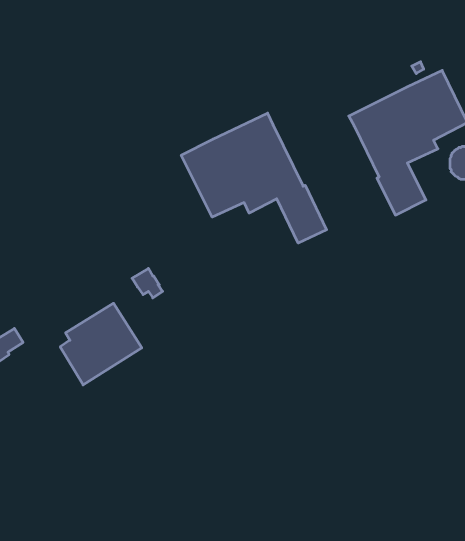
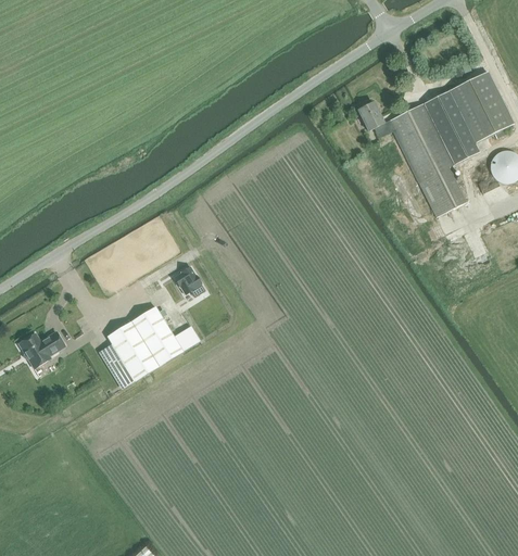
building: none -> [358,99,395,136]
building: [181,113,327,243] -> none

